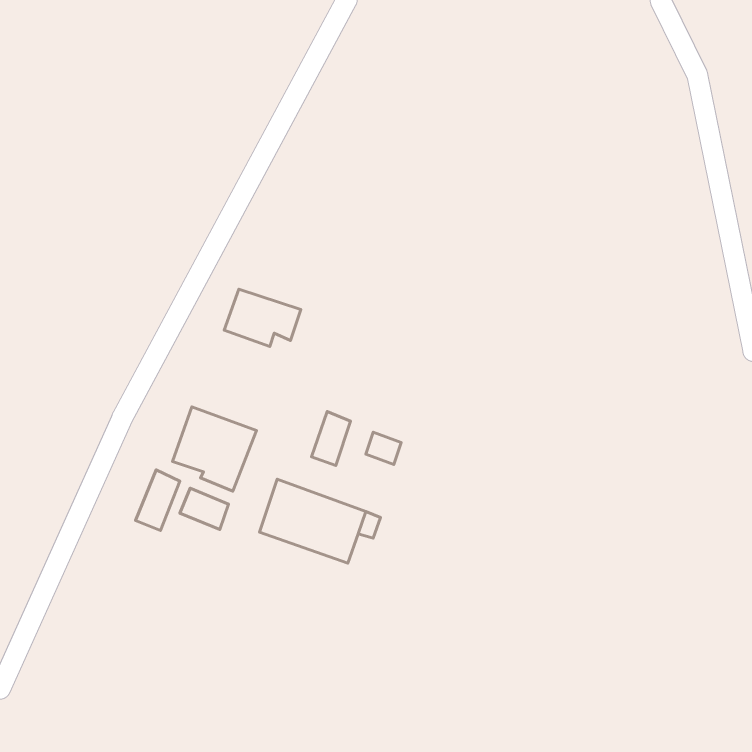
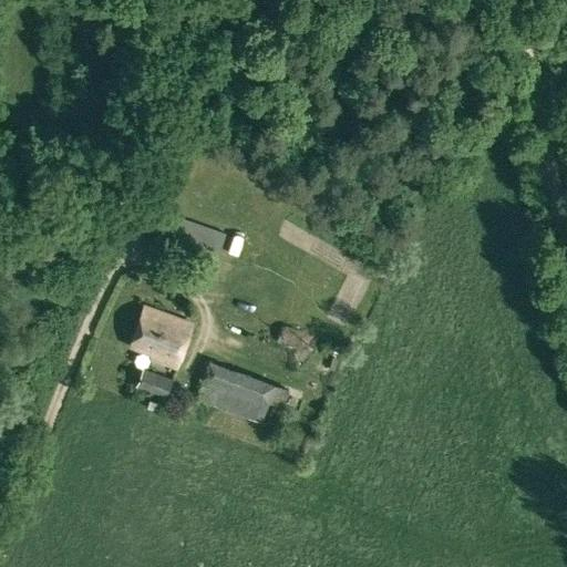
building: [311,412,351,465] -> none
building: [136,470,180,531] -> none

